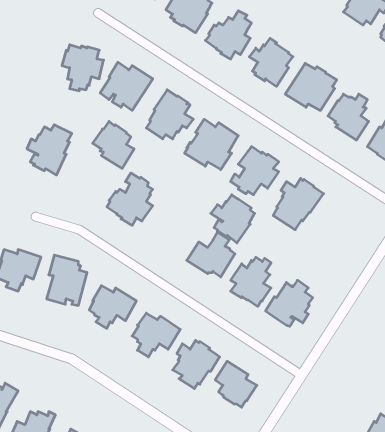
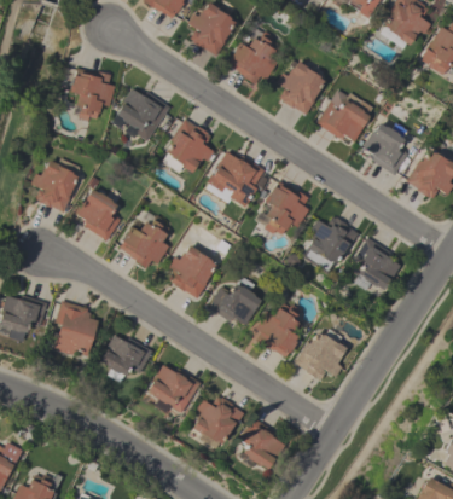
building: [93,121,134,168] -> [75,188,121,240]
building: [211,195,255,243] -> [168,245,216,298]
building: none -> [354,238,400,290]

